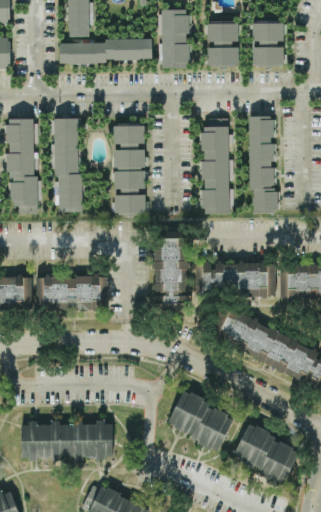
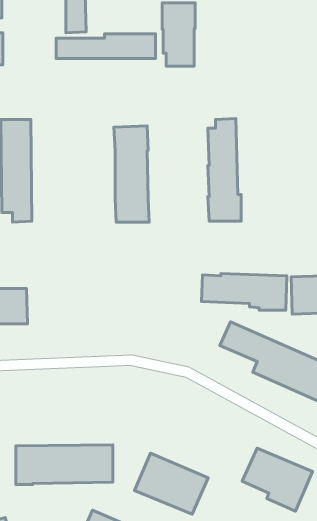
building: [251,22,283,66] -> none
building: [207,23,239,67] -> none
building: [249,115,275,212] -> none
building: [54,118,80,212] -> none
building: [153,238,188,309] -> none
building: [36,275,108,310] -> none
building: [166,392,235,449] -> [134,453,208,514]

